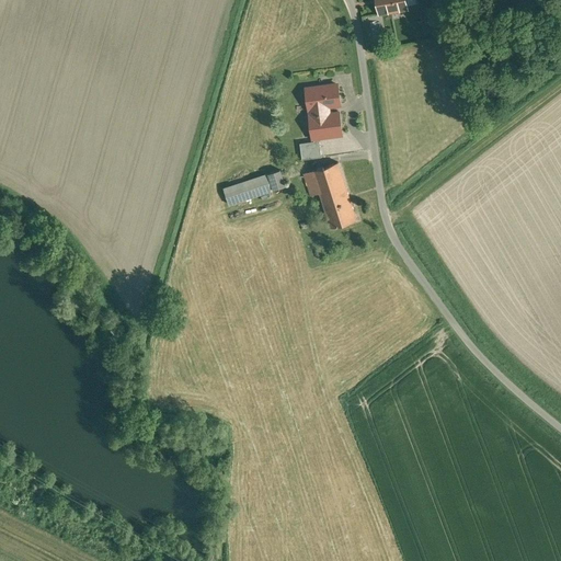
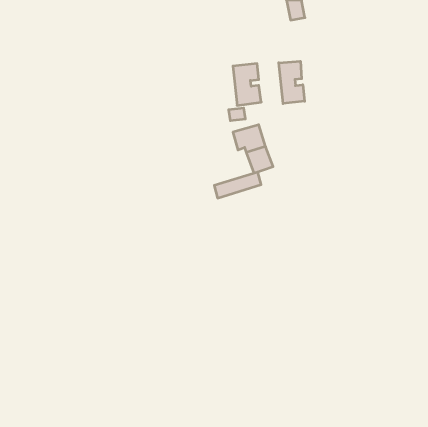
building: none -> [279,61,305,104]
building: [224,171,285,205] -> [214,172,261,198]

